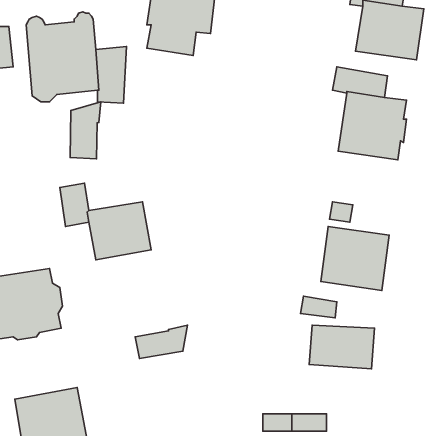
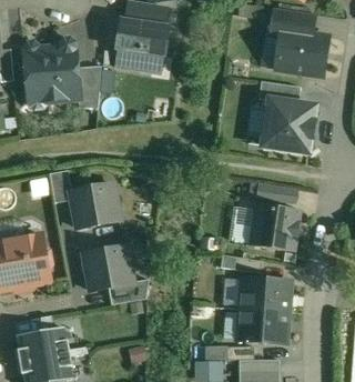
building: [70,102,101,159] -> none
building: none -> [83,245,132,290]
building: none -> [239,308,287,342]

